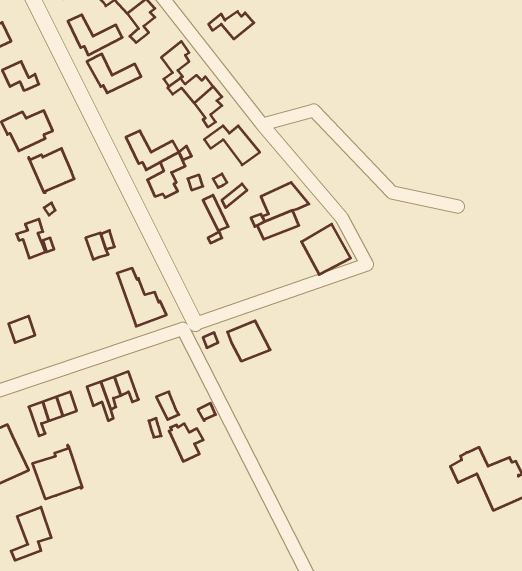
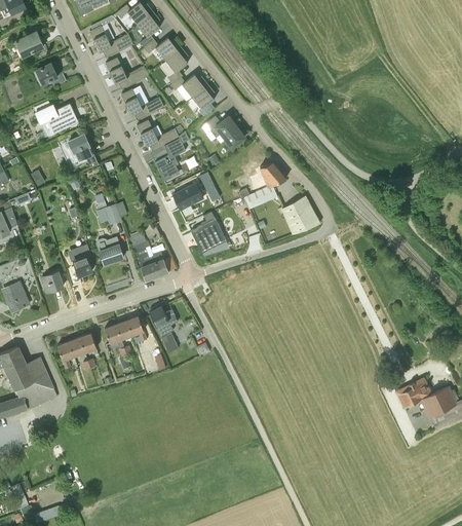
building: [209,11,254,39] -> [145,38,182,61]
building: none -> [121,88,164,120]
building: none -> [174,181,203,206]
building: [16,219,45,258] -> [69,245,92,276]
building: none -> [95,237,123,264]
building: [227,321,270,361] -> [193,221,228,254]
building: [169,424,203,461] -> [149,306,177,337]
building: [33,445,82,499] -> none
building: [11,507,51,560] -> none

